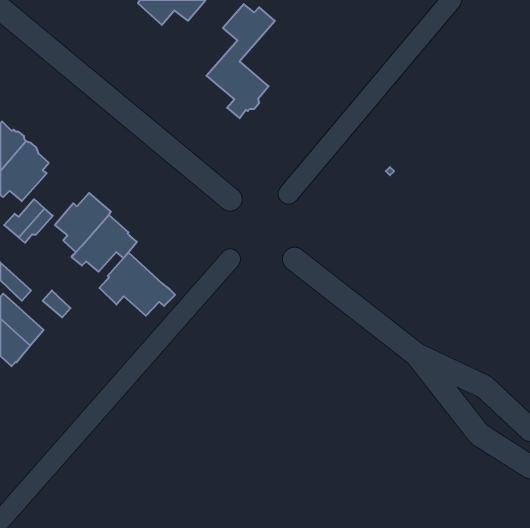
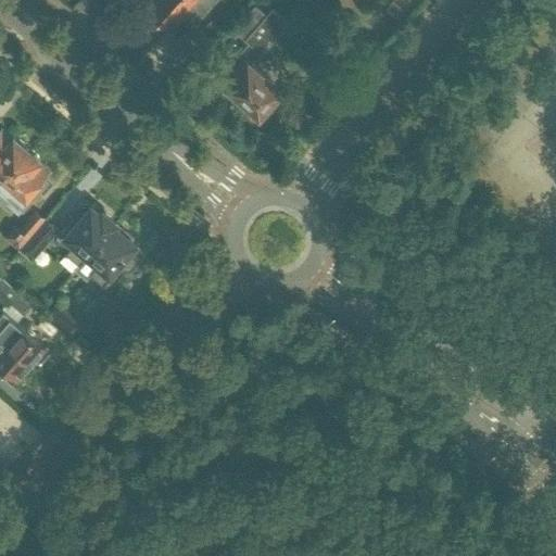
building: [99,253,175,316] -> none

